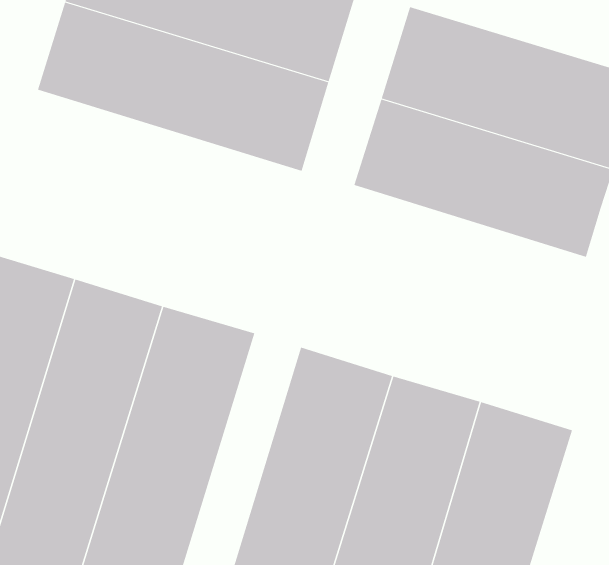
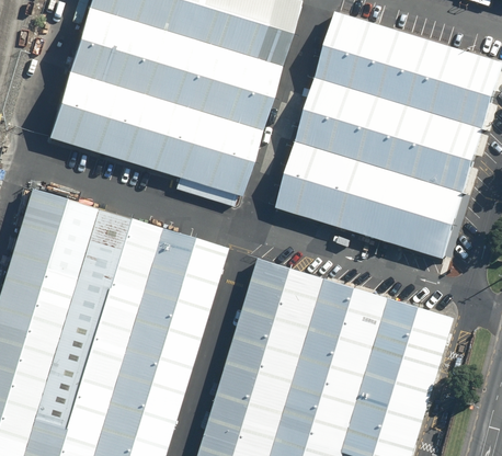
building: none -> [47,71,260,197]
building: none -> [276,140,466,260]

